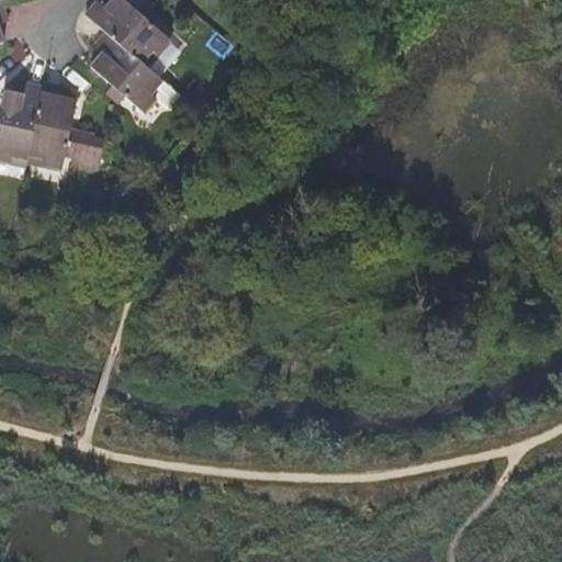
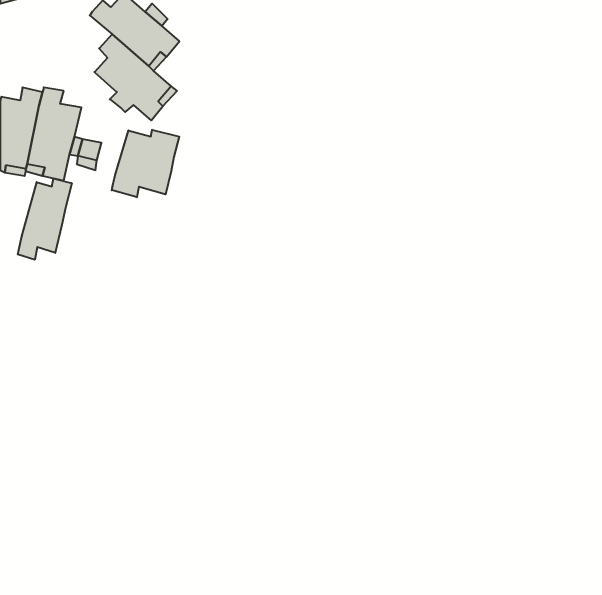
building: none -> [112,130,179,197]
building: none -> [18,178,72,260]

